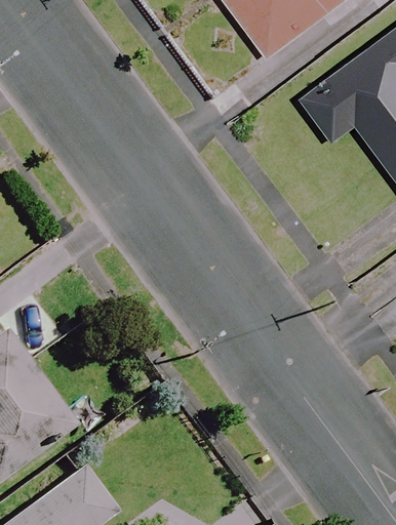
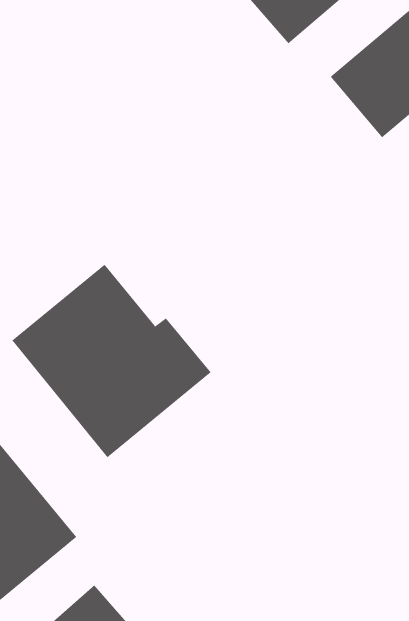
building: none -> [12,264,212,458]

